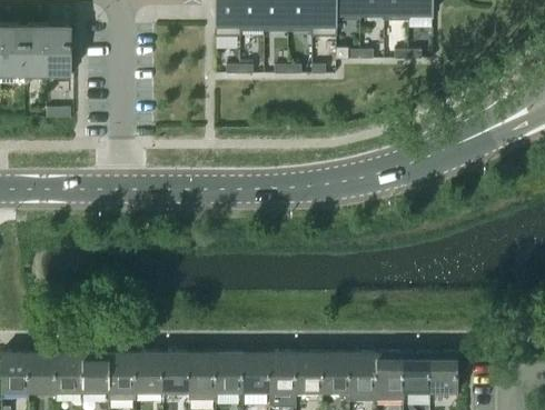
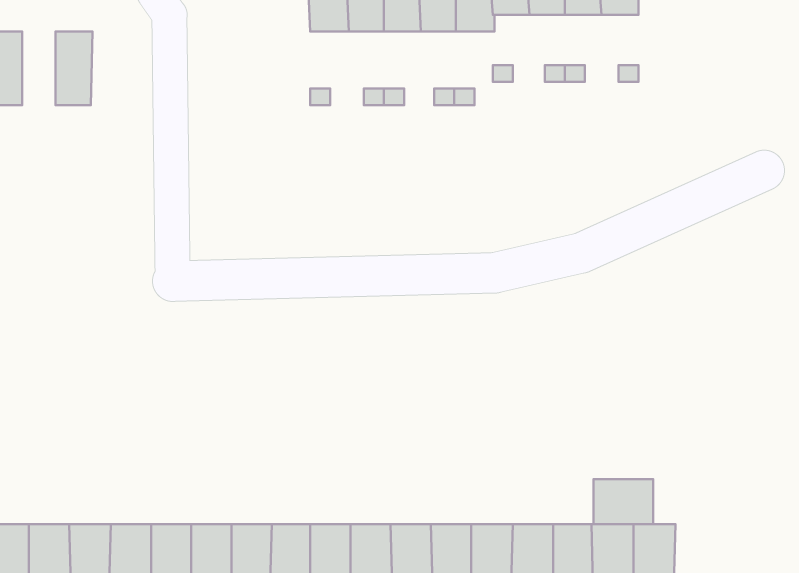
building: [23,26,46,74] -> none
building: none -> [593,479,653,524]

